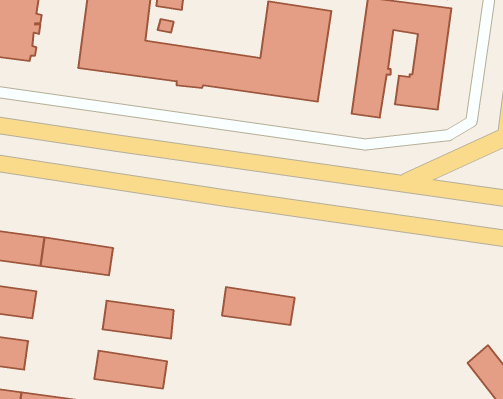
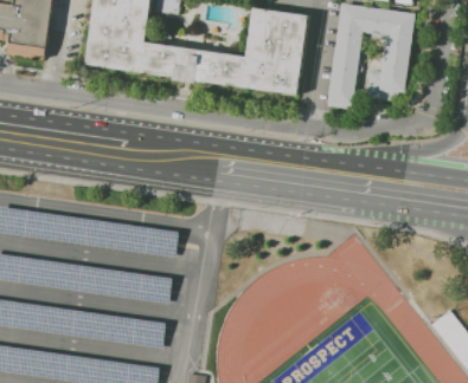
building: [222,287,295,325] -> [114,222,178,255]
building: none -> [46,261,110,294]
building: none -> [40,305,103,338]

